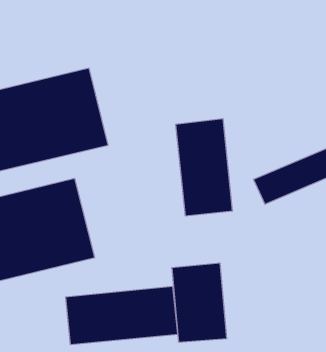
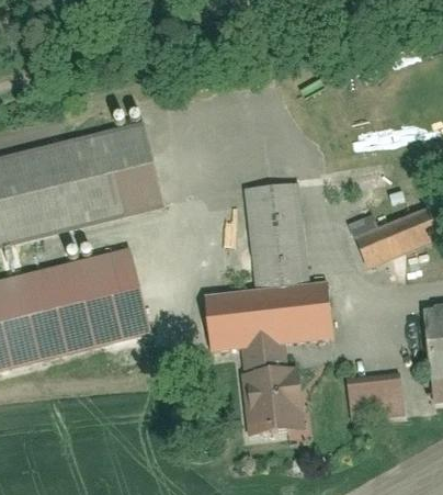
building: [66,287,178,345] -> [204,284,333,351]
building: none -> [345,371,405,416]

